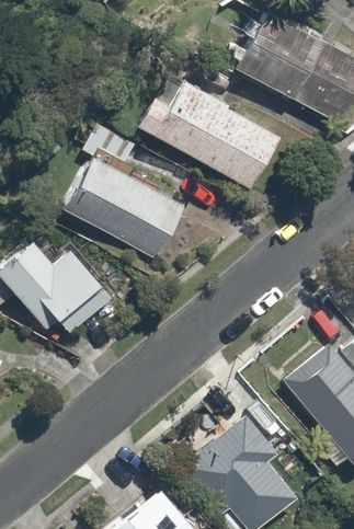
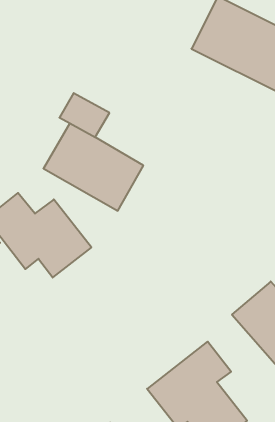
building: [134,68,283,191] -> none

